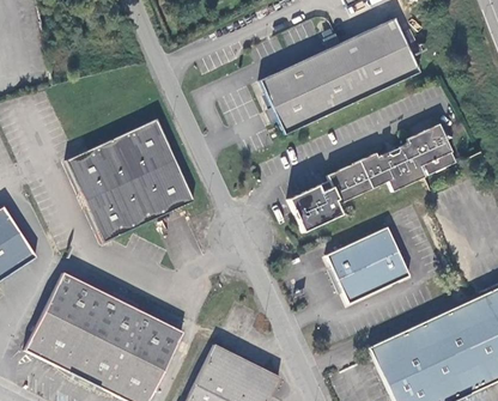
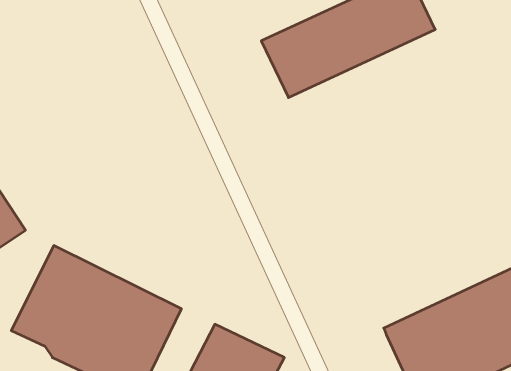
building: [65,117,192,238] -> none
building: [289,123,455,232] -> none
building: [328,227,408,300] -> none

